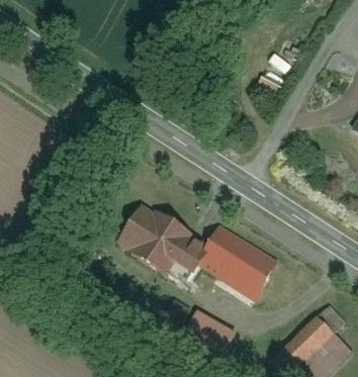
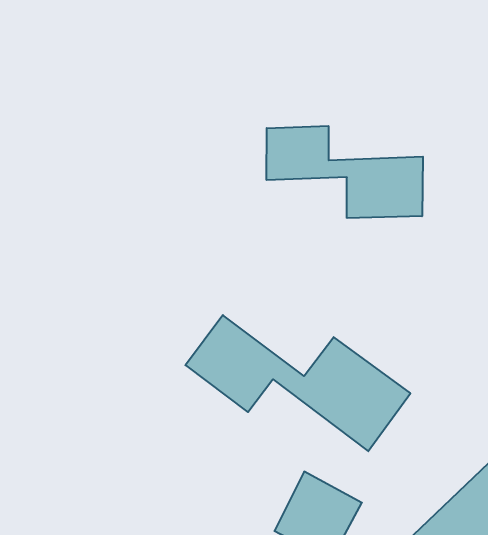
building: none -> [267,126,423,218]

